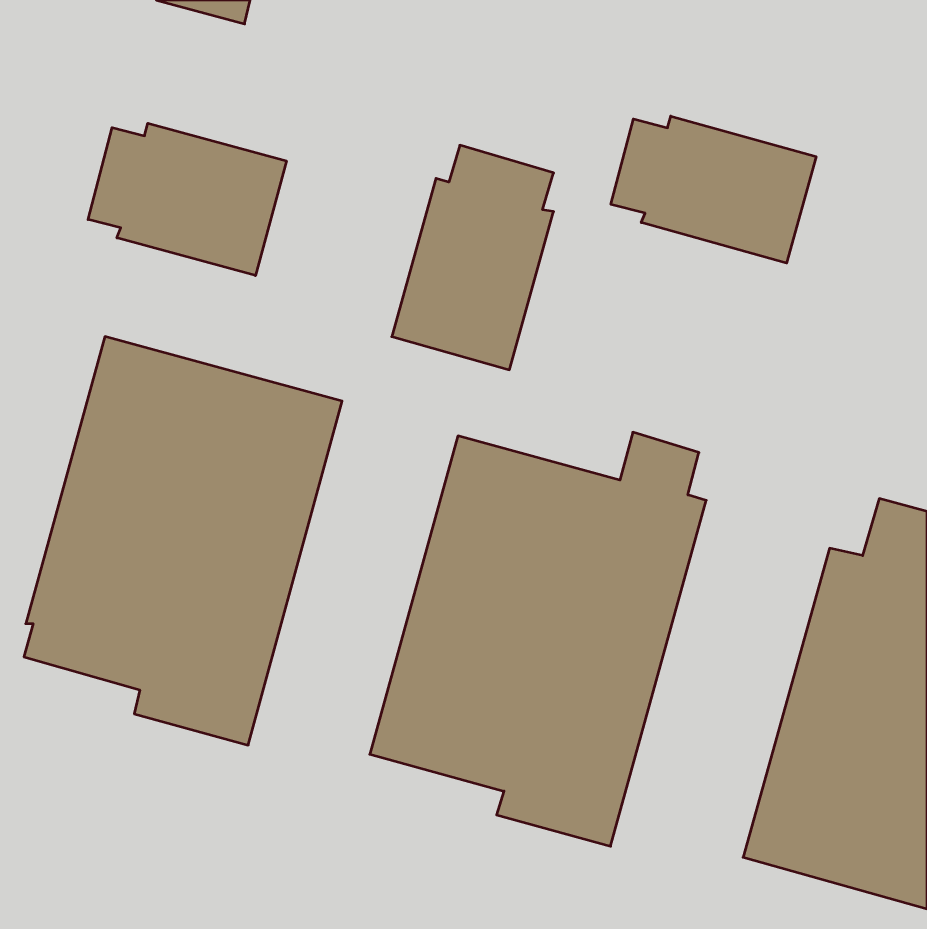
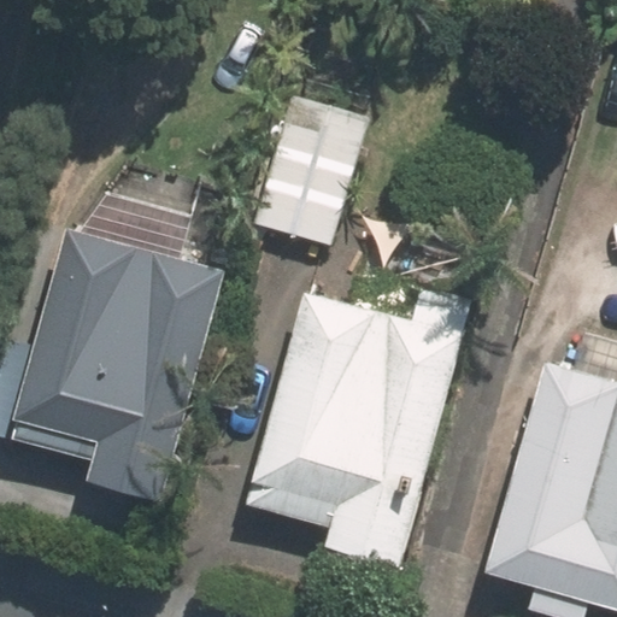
building: [611,116,816,263] -> none
building: [88,123,286,276] -> none

